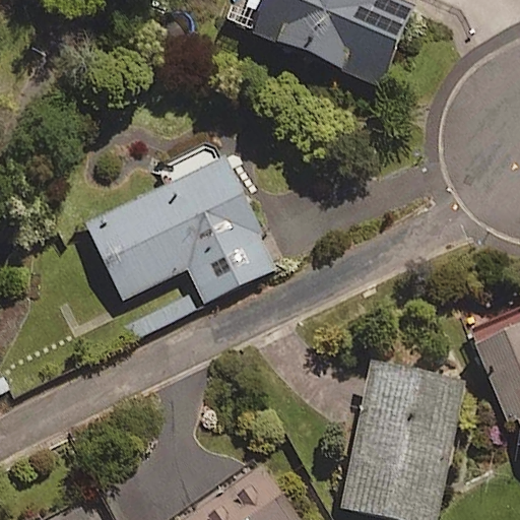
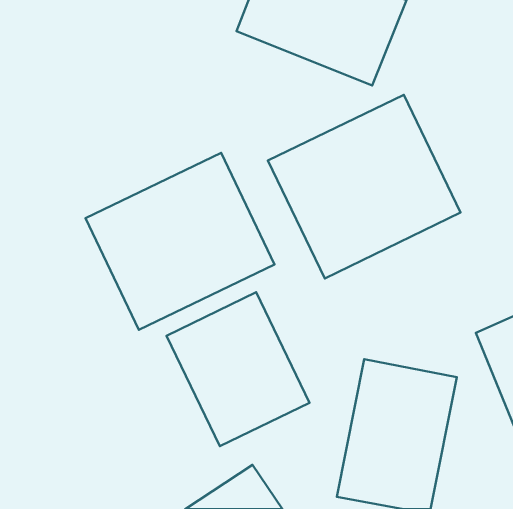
building: none -> [268,95,461,278]
building: none -> [167,292,309,446]

